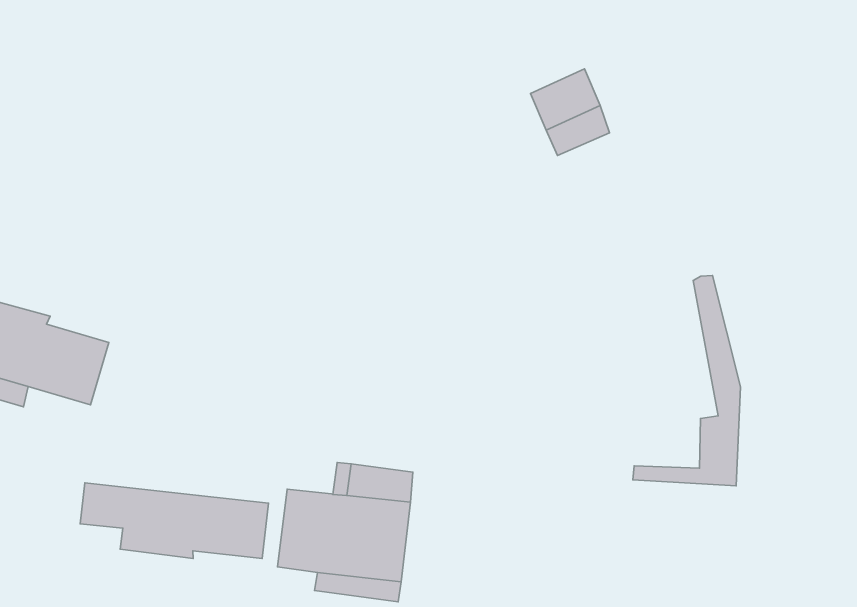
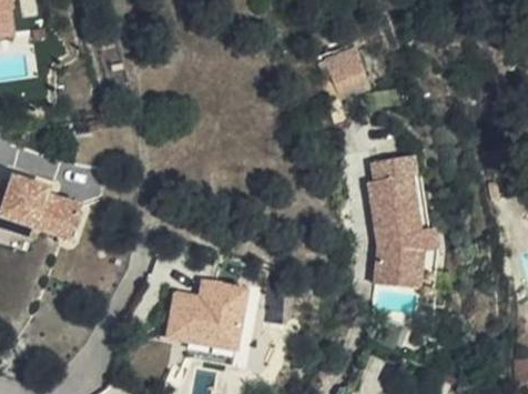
building: none -> [365,163,419,287]
building: [80,483,268,558] -> none

